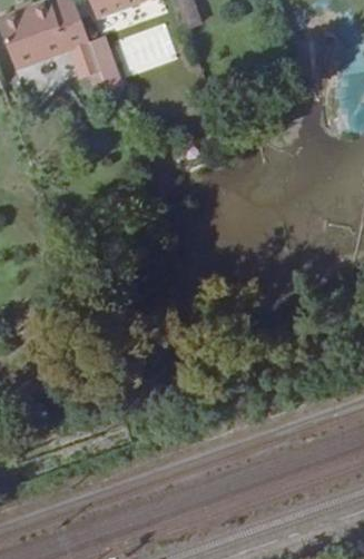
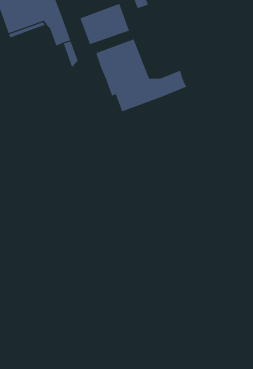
building: none -> [95,38,187,112]

